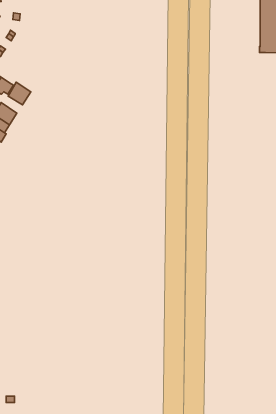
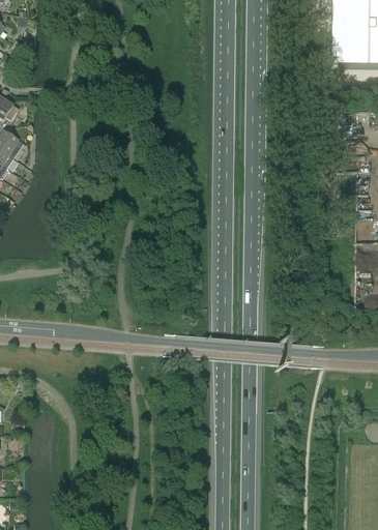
building: [8,82,31,105] -> none

